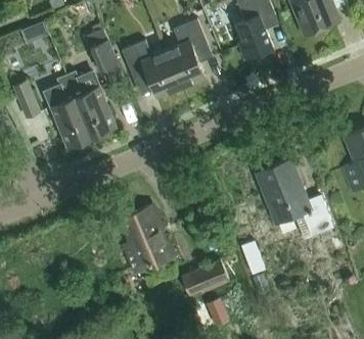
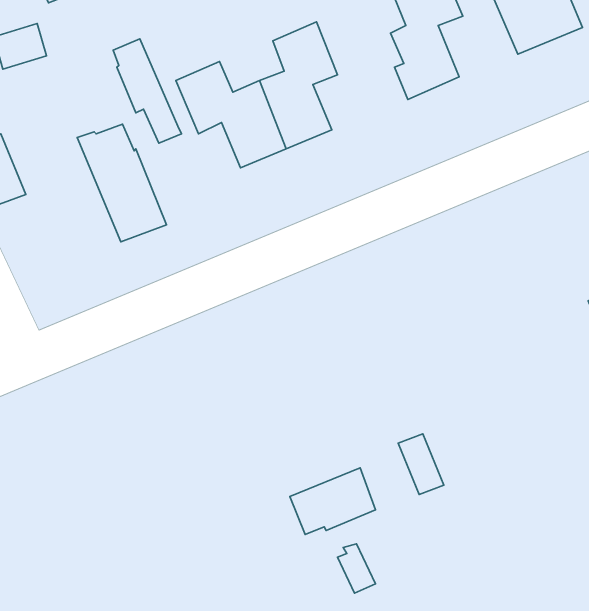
building: [46,81,92,147] -> none
building: [257,159,334,236] -> none
building: [122,204,175,272] -> none

